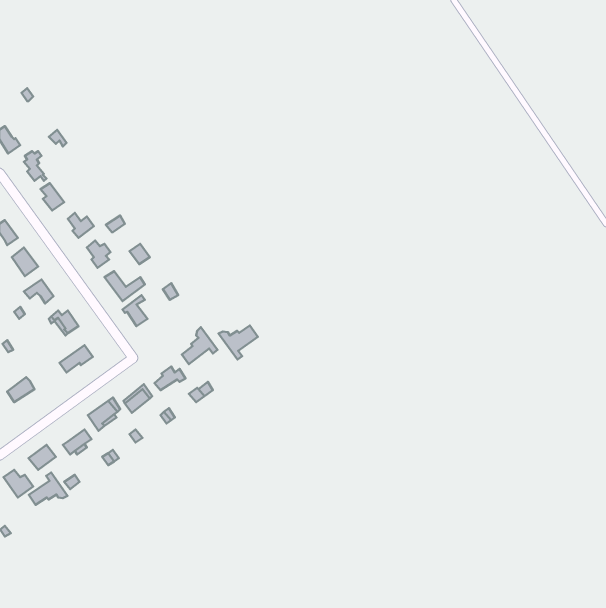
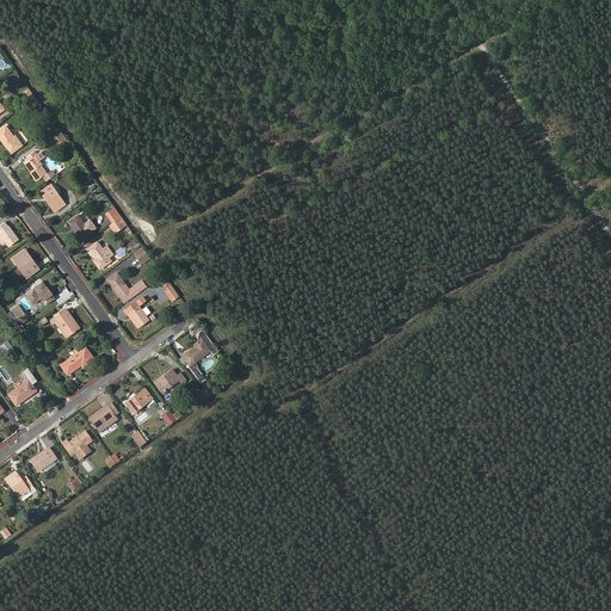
building: [218,326,258,360] -> none
building: [29,472,67,505] -> none

